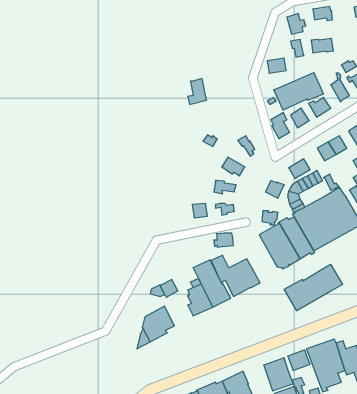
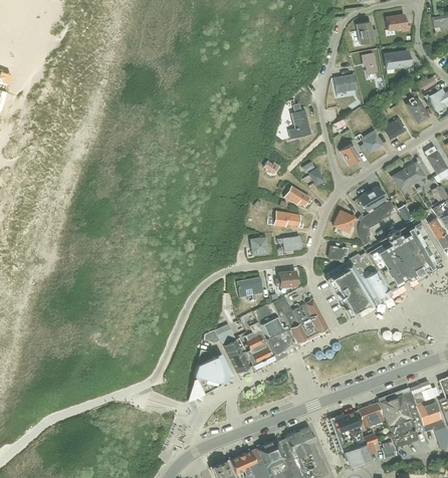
building: [274,72,323,110] -> none
building: [188,79,207,104] -> [289,109,310,139]
building: none -> [237,277,263,296]
building: [284,264,343,311] -> none
building: none -> [224,337,250,373]

